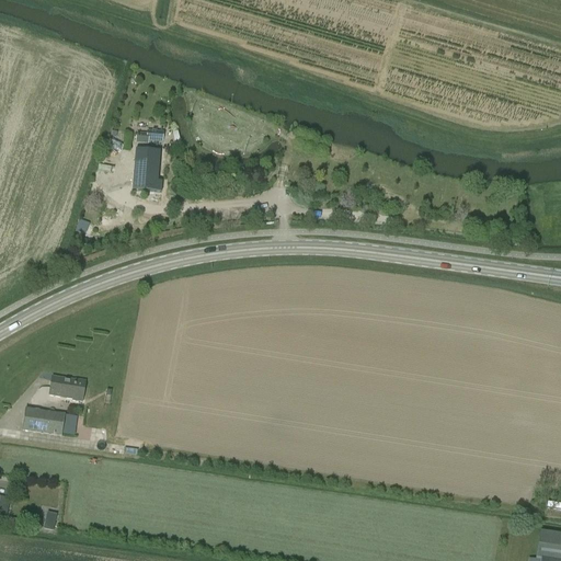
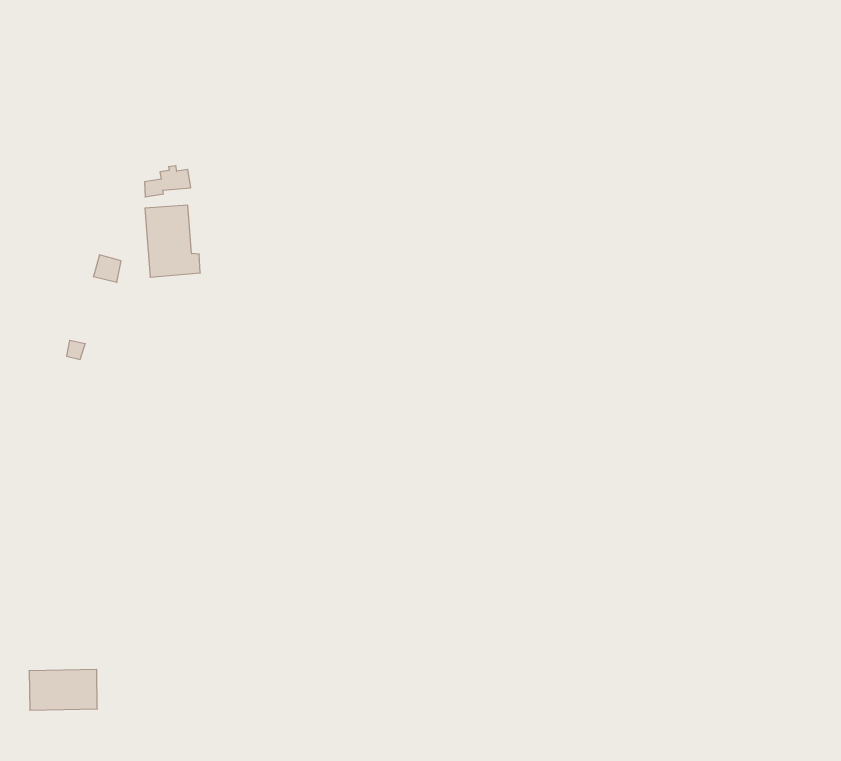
building: [50,376,88,401] -> none

